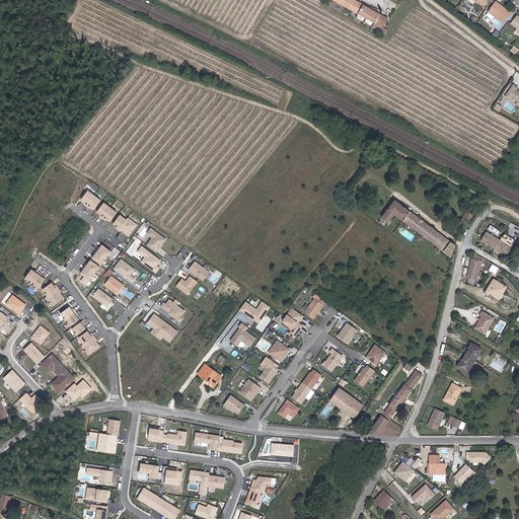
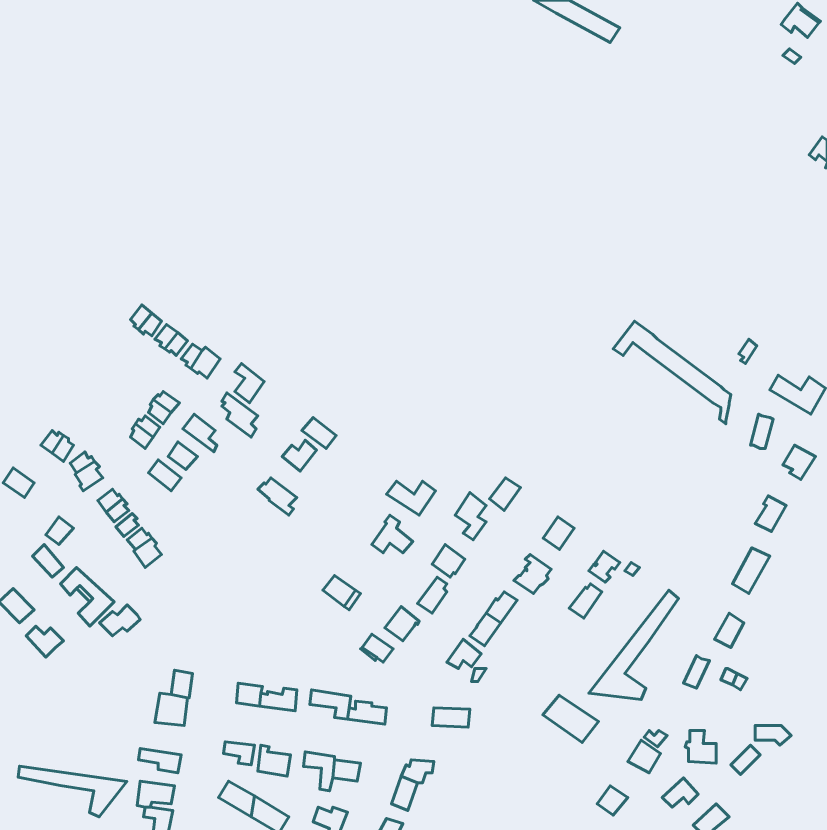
building: [148,314,177,342] -> none
building: [330,385,365,415] -> [543,695,598,743]
building: none -> [18,766,127,817]

